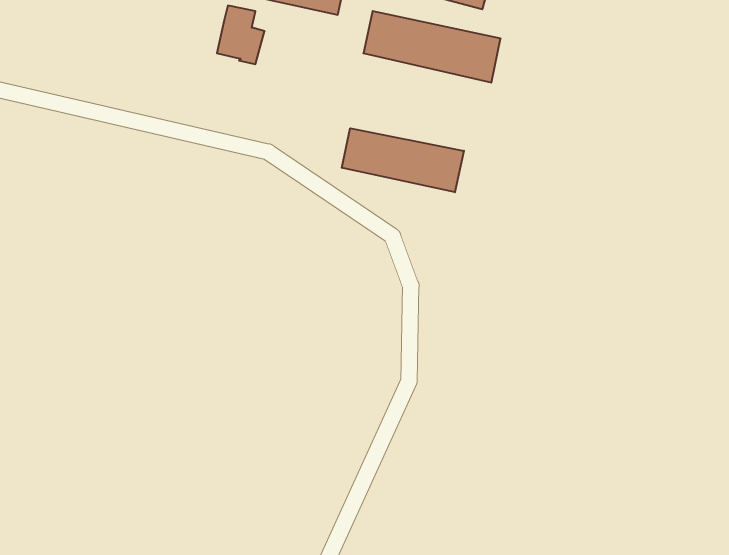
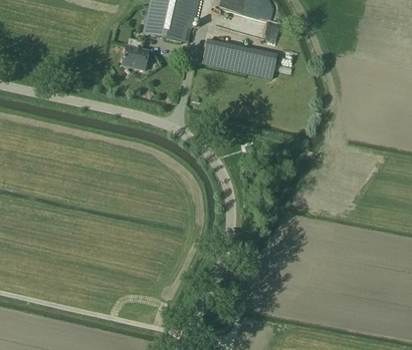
building: [342,128,464,192] -> none

